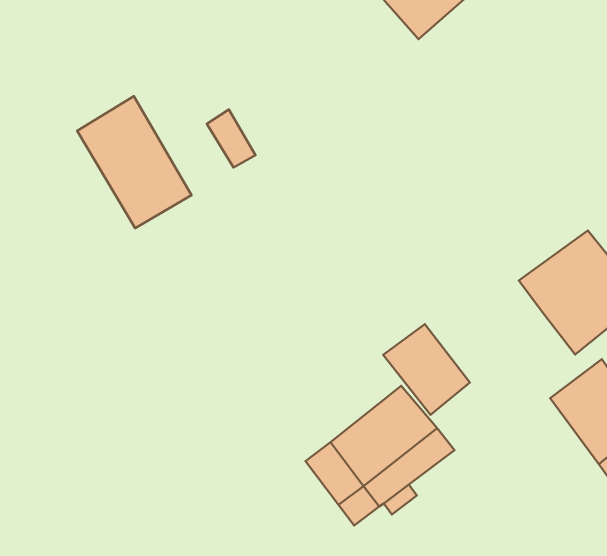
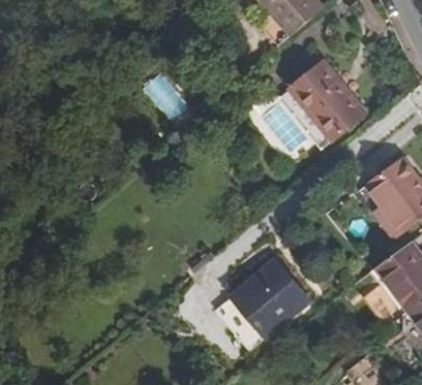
building: none -> [289,61,364,139]
building: [77,96,191,228] -> none
building: [383,324,470,415] -> none

